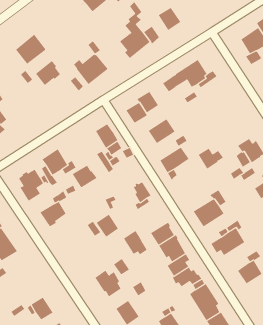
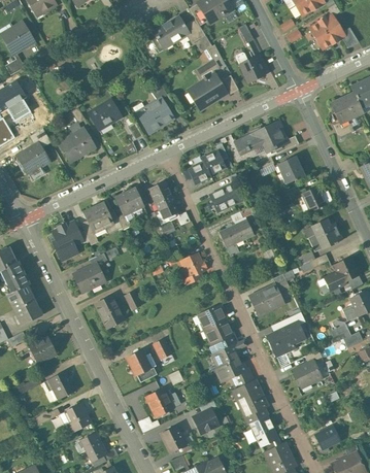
building: [15,34,46,64] -> [59,127,95,161]
building: none -> [277,155,305,181]
building: [198,148,224,170] -> [303,187,333,211]
building: [72,165,97,188] -> [115,190,144,215]
building: [96,214,119,237] -> [96,296,122,323]
building: [123,230,148,255] -> none
building: none -> [29,336,56,362]

